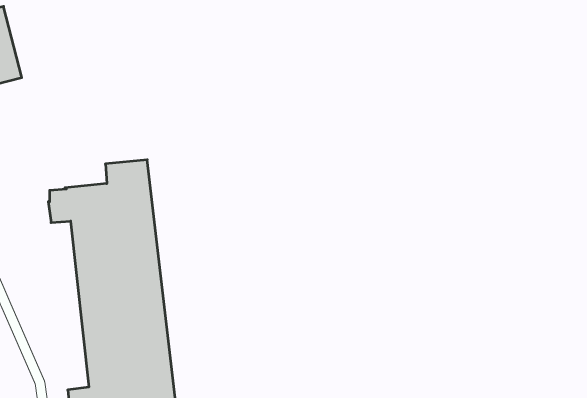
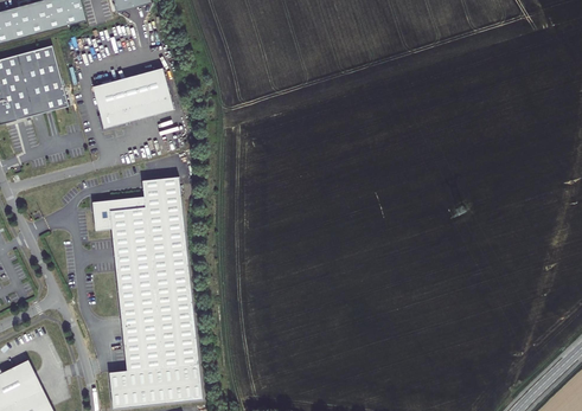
building: none -> [94,70,173,127]

